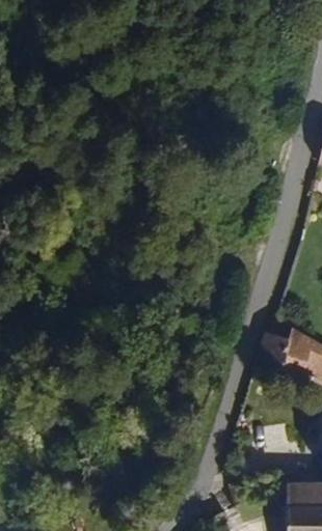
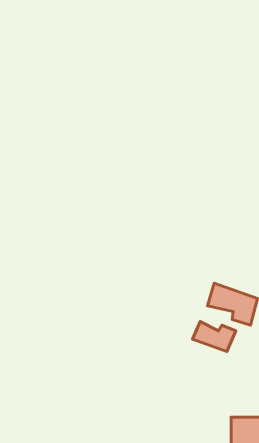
building: none -> [193,322,236,351]

